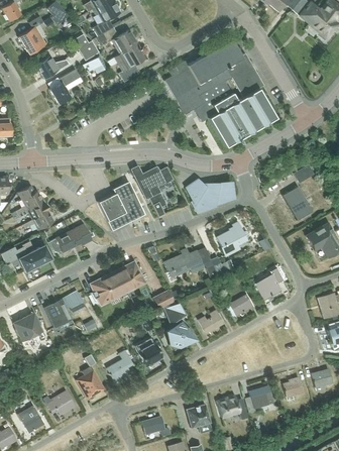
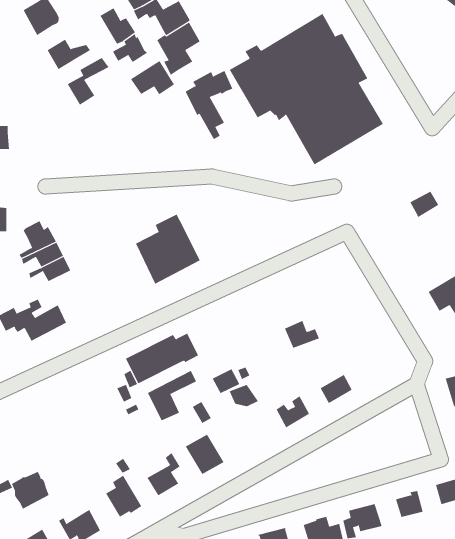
building: none -> [130,60,175,95]
building: [139,166,174,216] -> [185,70,233,140]
building: [188,180,232,212] -> none
building: [284,186,313,220] -> none
building: [217,222,247,257] -> none
building: [50,225,92,252] -> none
building: [164,247,204,277] -> none
building: [253,267,284,300] -> none
building: [45,292,81,328] -> [147,370,197,421]
building: [15,314,42,341] -> [11,471,50,509]
building: [165,322,193,348] -> none

